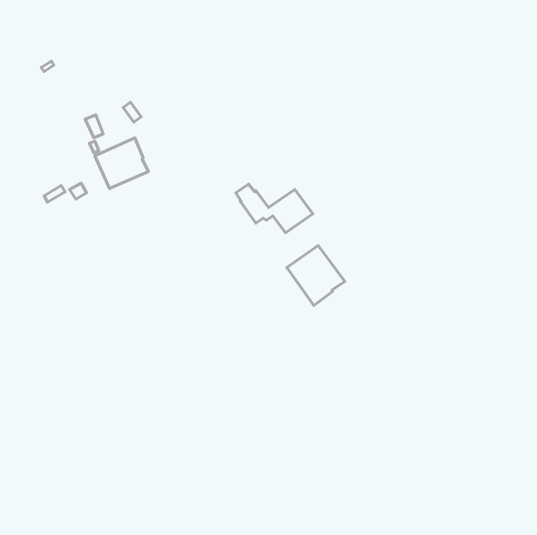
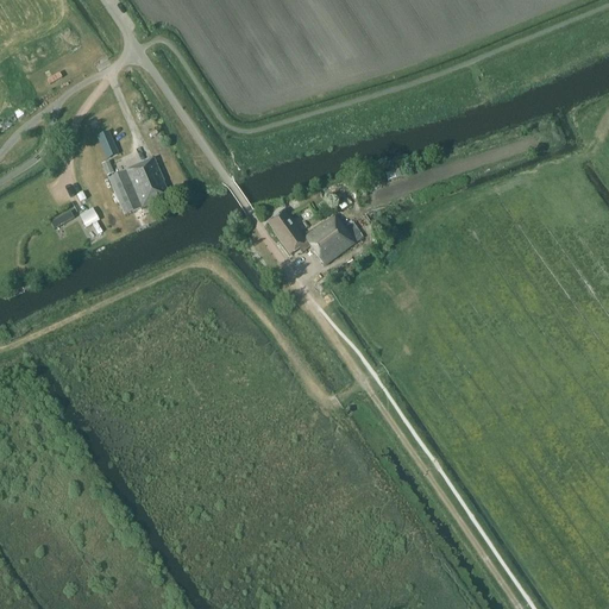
building: [287,245,345,305] -> none

